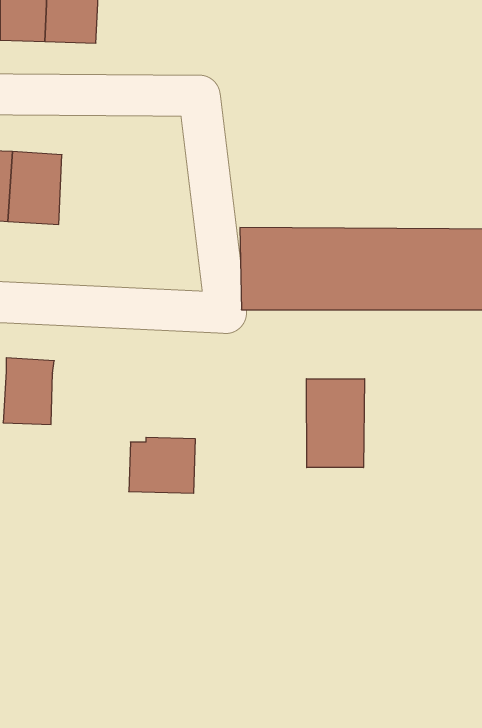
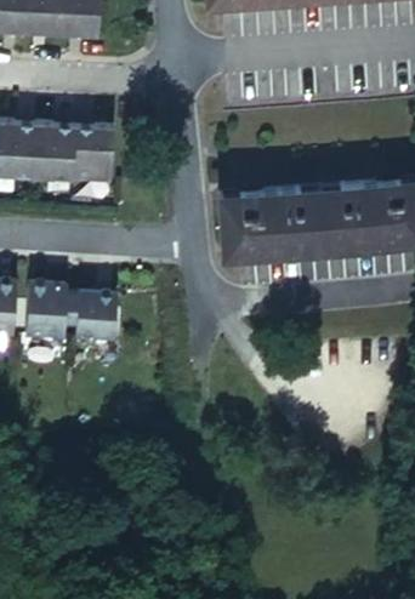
building: none -> [72,126,116,182]
building: [306,379,365,468] -> none
building: [129,437,195,493] -> [66,293,118,337]

